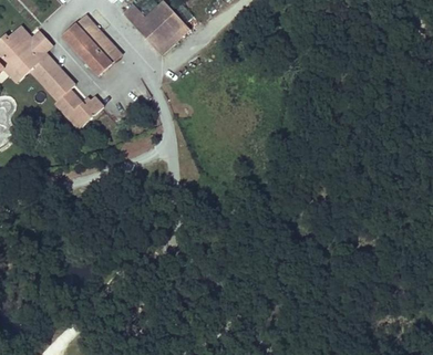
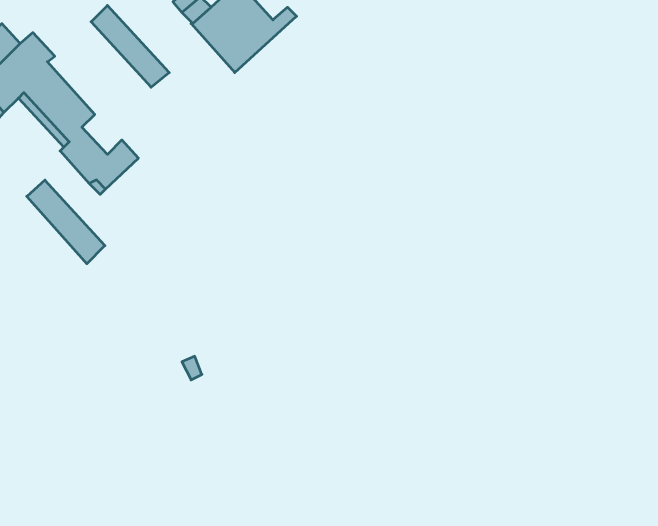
building: [62,24,110,75] -> [27,180,105,264]

